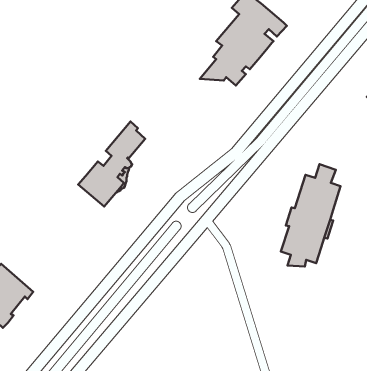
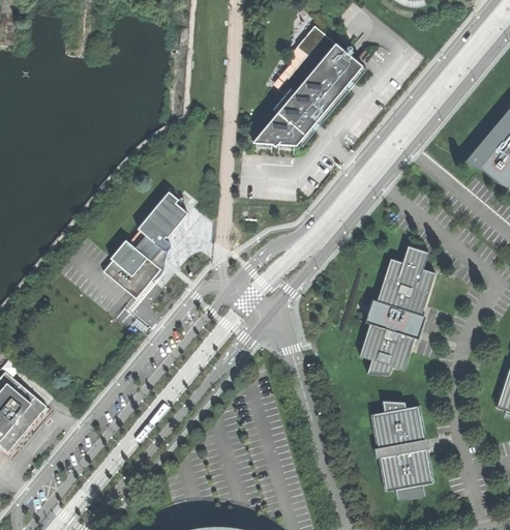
building: none -> [371,401,431,500]

